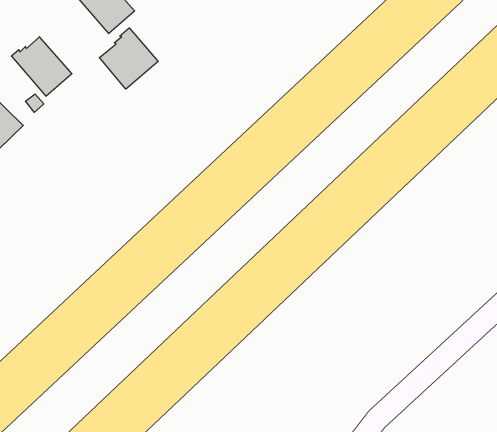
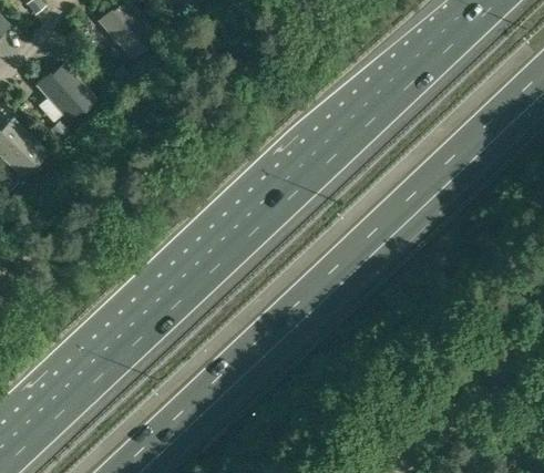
building: [99,28,158,89] -> none

